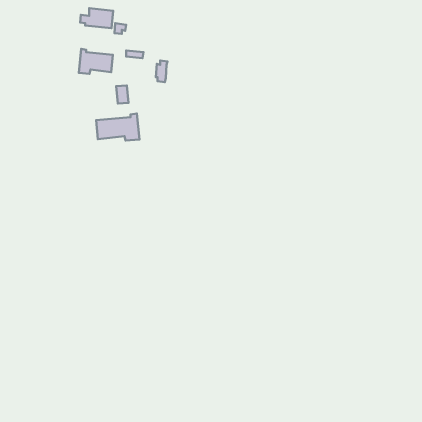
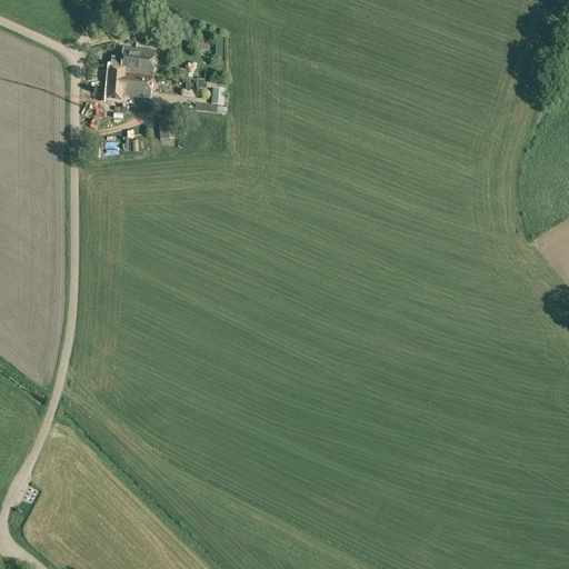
building: [80,8,113,28] -> [109,47,153,73]
building: [96,114,139,141] -> none

